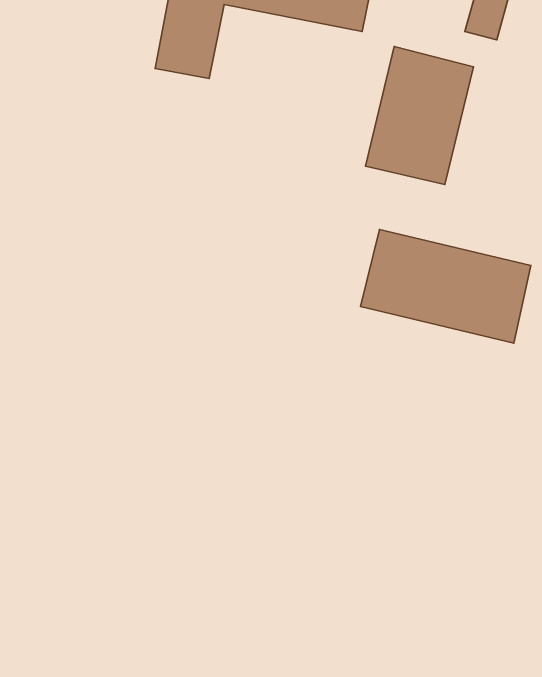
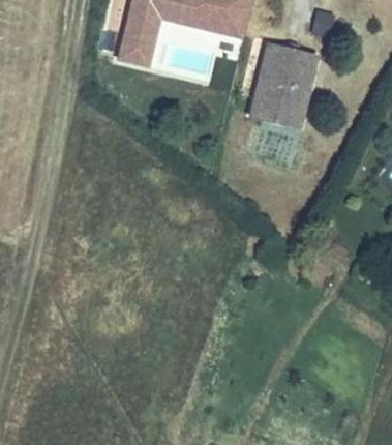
building: [361,230,531,343] -> none

